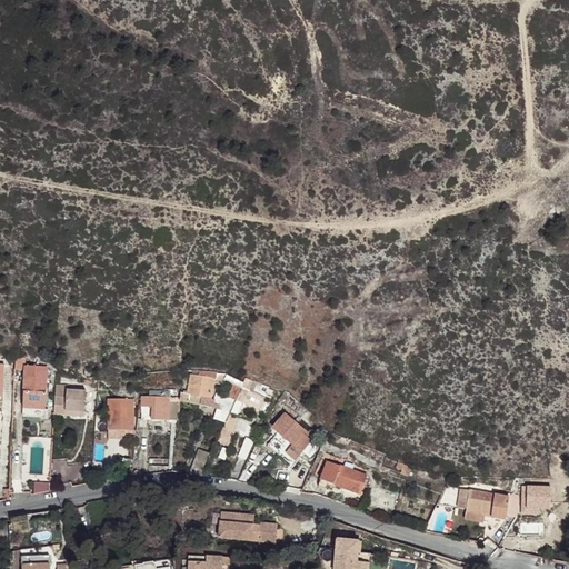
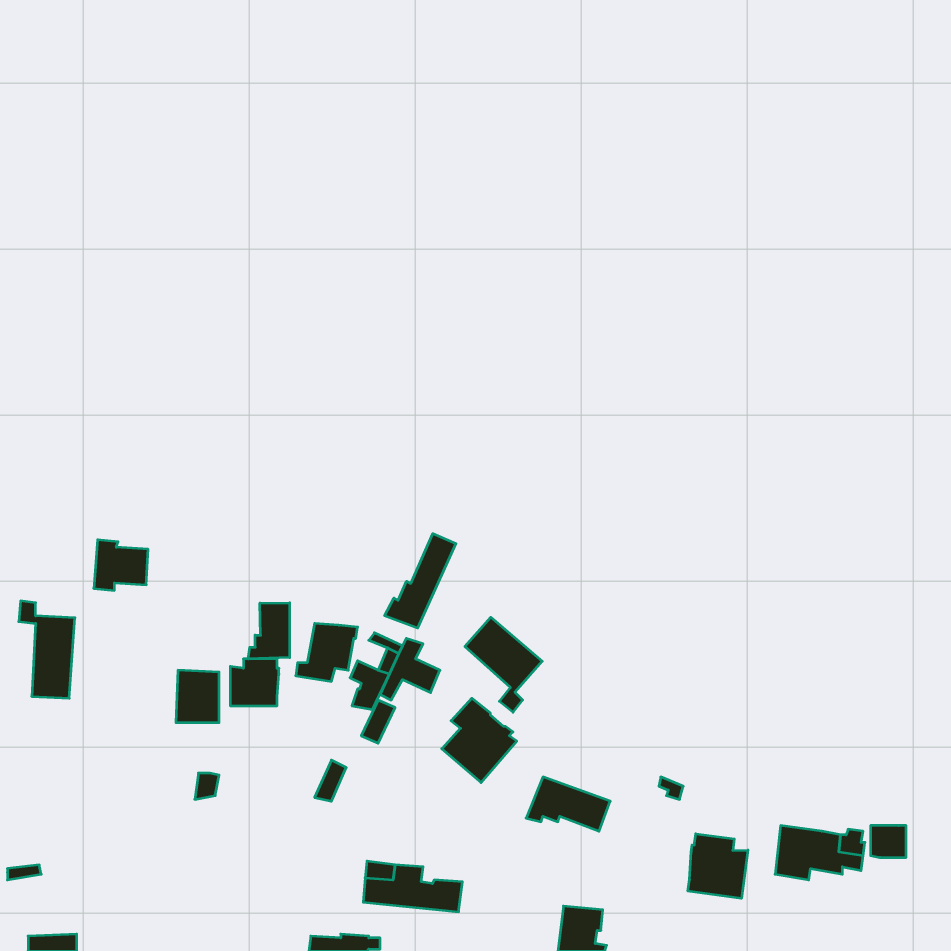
building: none -> [385,534,456,628]
building: none -> [248,603,290,659]
building: none -> [465,617,542,712]
building: [53,385,86,415] -> [94,540,148,590]
building: none -> [688,834,748,898]

